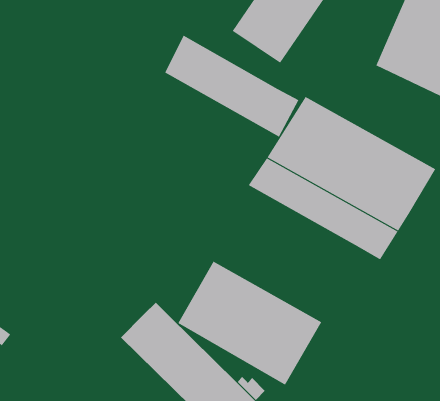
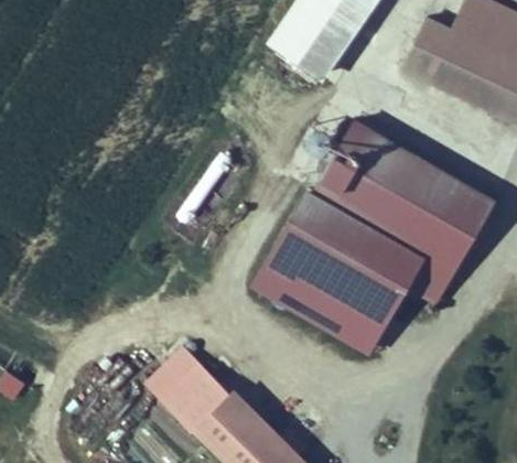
building: none -> [405,15,454,83]
building: [165,35,299,138] -> none
building: [177,261,322,386] -> [248,216,409,355]

